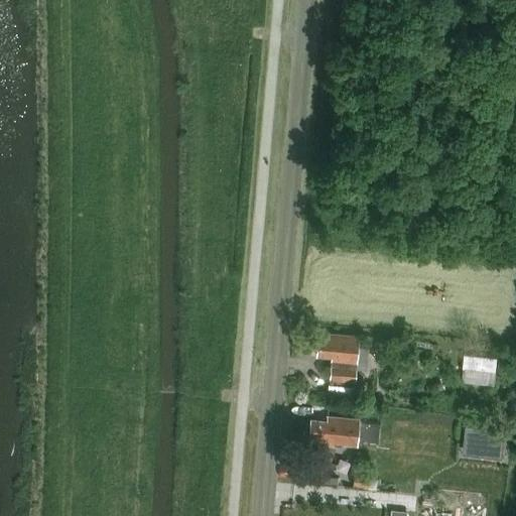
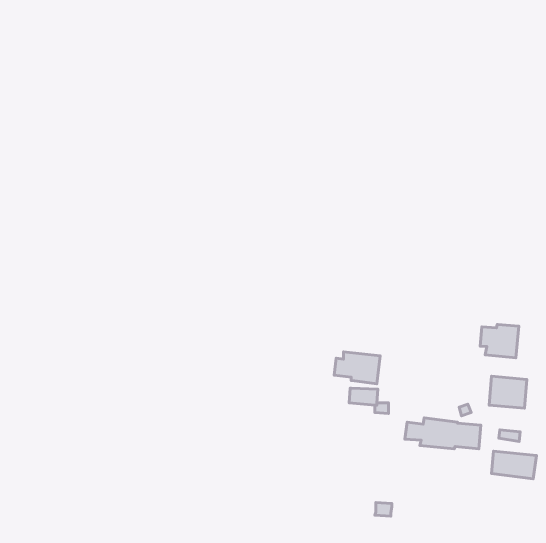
building: none -> [480,324,519,358]
building: [309,417,381,446] -> [405,418,481,449]

